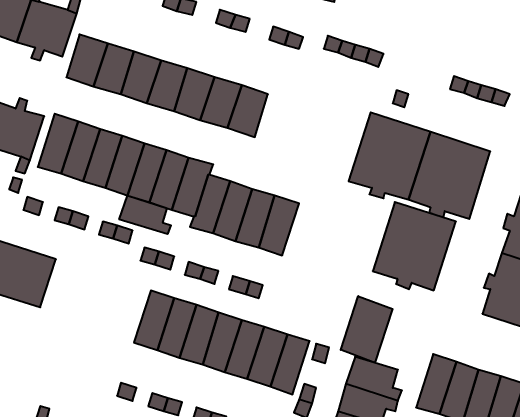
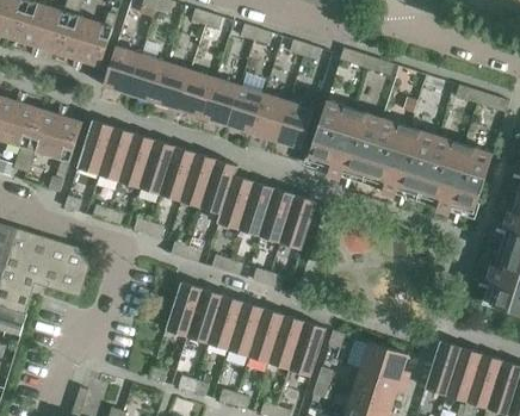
building: none -> [276,101,314,149]
building: [119,196,171,234] -> none
building: [373,202,456,290] -> [305,100,382,181]
building: [341,296,393,363] -> none

